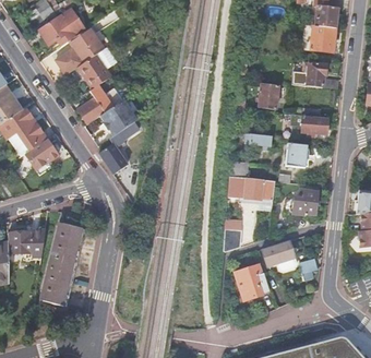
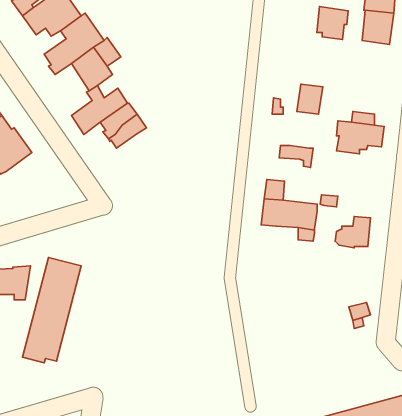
building: [301,61,326,87] -> [317,7,348,39]
building: [99,124,133,172] -> none
building: [25,139,58,170] -> none
building: [285,144,307,167] -> none
building: [225,216,243,251] -> none
building: [260,239,294,266] -> none
building: [234,264,267,300] -> none

